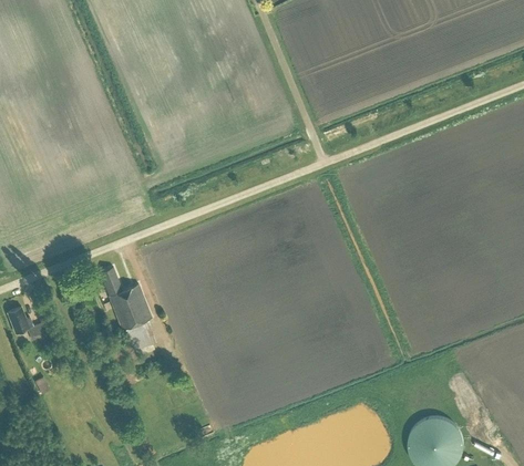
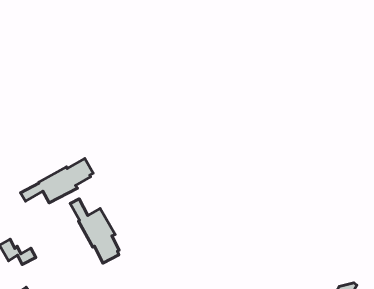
building: none -> [21,158,93,203]

